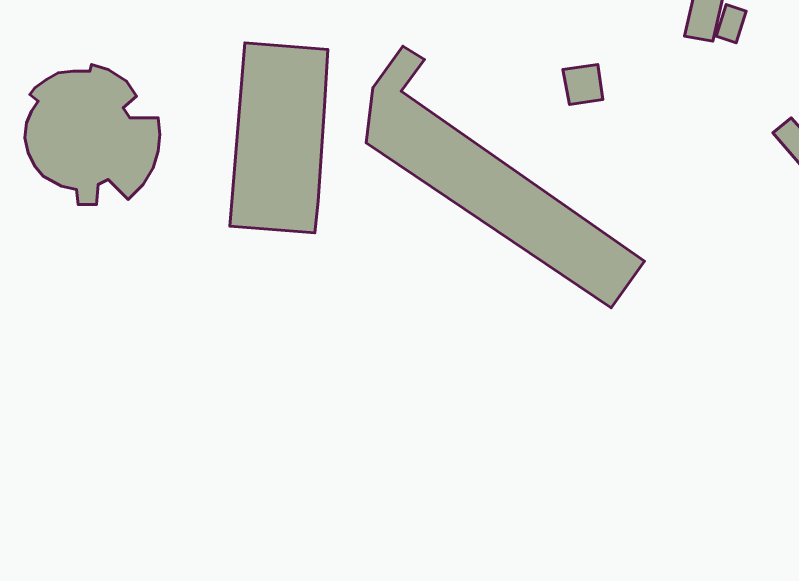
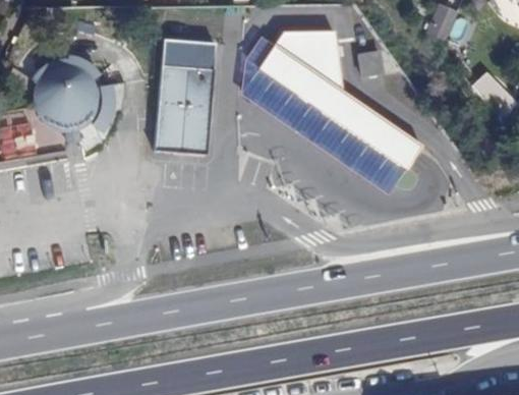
building: none -> [261,30,423,173]

